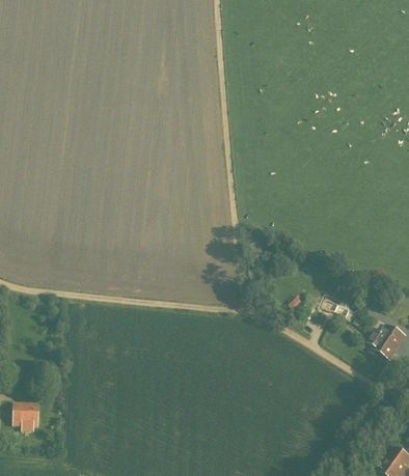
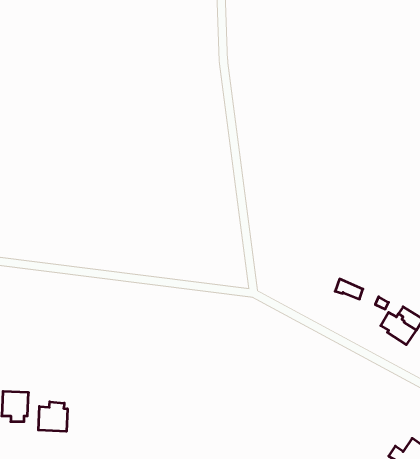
building: none -> [38,402,67,431]

